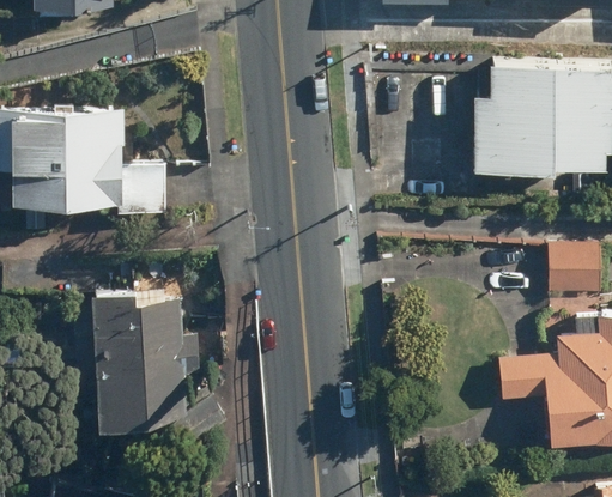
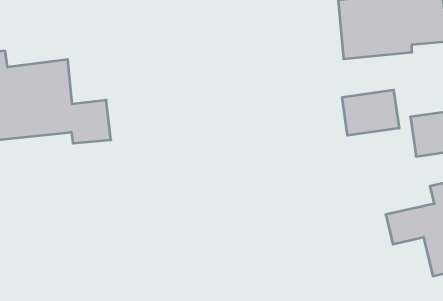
building: none -> [342,90,399,135]
building: [96,296,195,412] -> none

